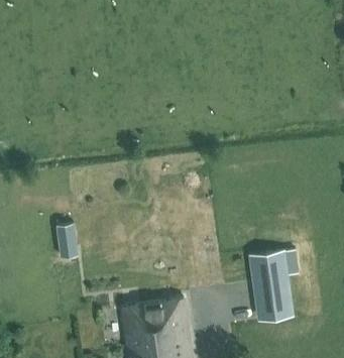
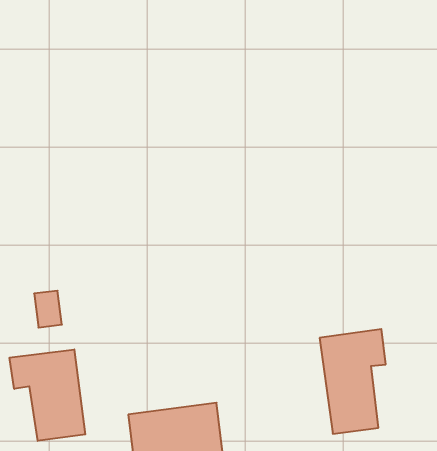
building: none -> [10,349,85,441]

